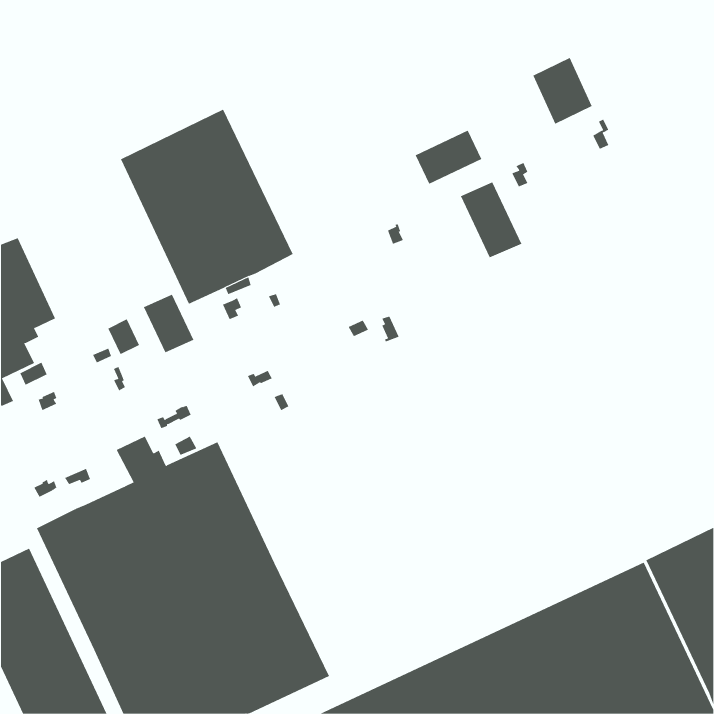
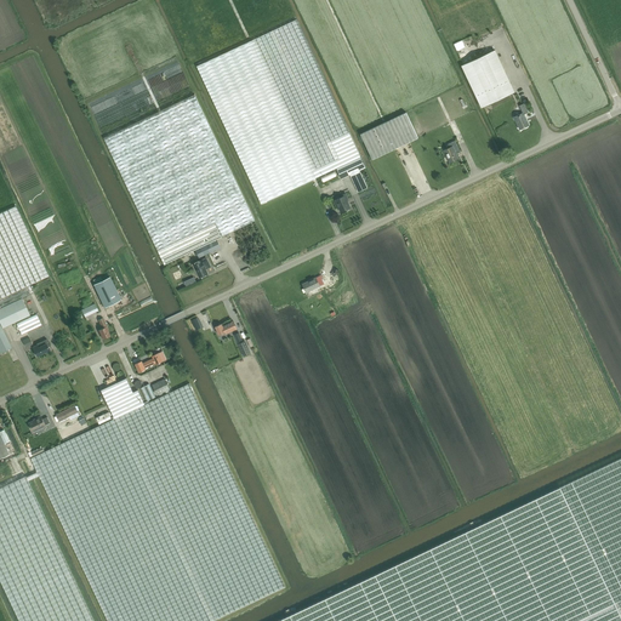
building: none -> [196,19,368,204]
building: [460,182,522,258] -> none
building: [143,294,194,353] -> none

